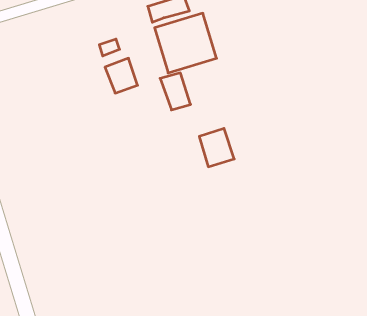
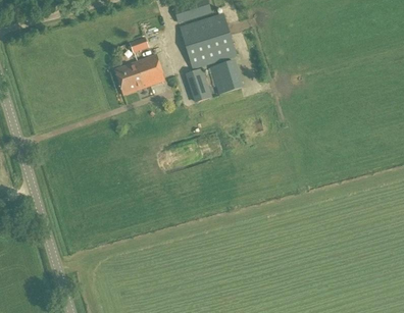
building: none -> [114,62,144,94]
building: [199,128,234,167] -> [210,59,242,94]

